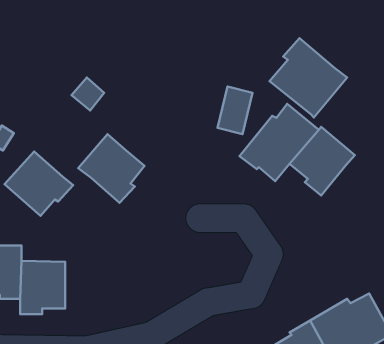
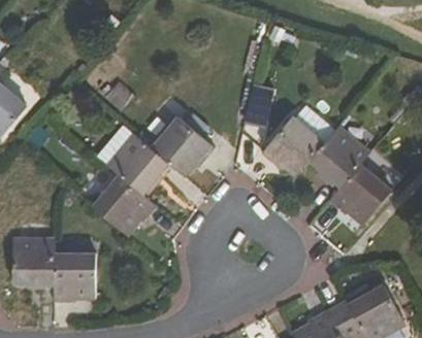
building: [270,38,347,117] -> none
building: none -> [153,116,217,176]
building: [5,152,73,216] -> [92,174,157,235]
building: none -> [328,162,392,224]

